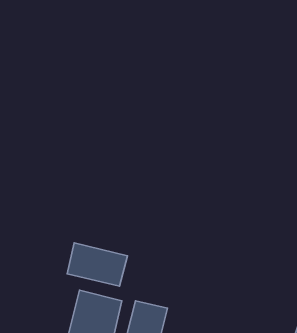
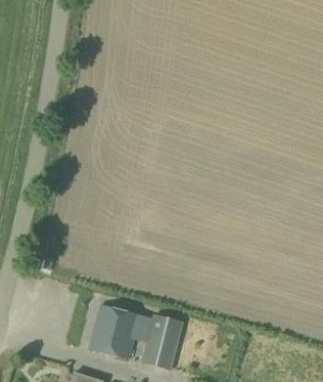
building: [67,243,128,286] -> none

